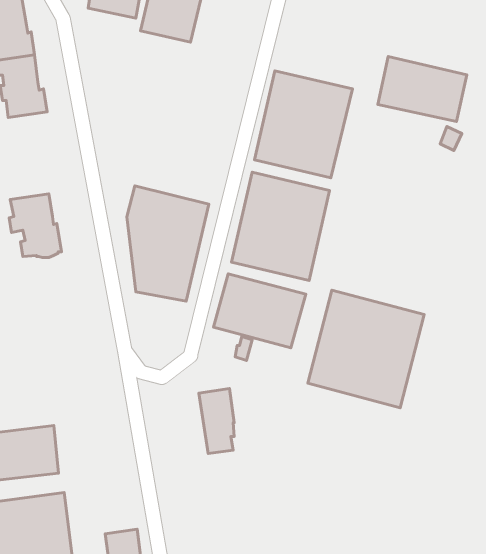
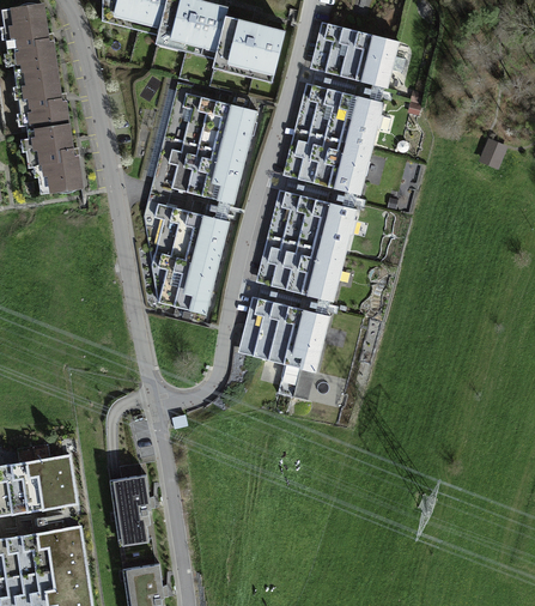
building: none -> [221,18,290,78]
building: [378,57,467,122] -> [309,20,402,89]
building: none -> [156,92,261,206]
building: [9,194,62,258] -> [25,126,80,193]
building: [308,290,424,408] -> none
building: [199,389,234,454] -> [115,477,152,545]

